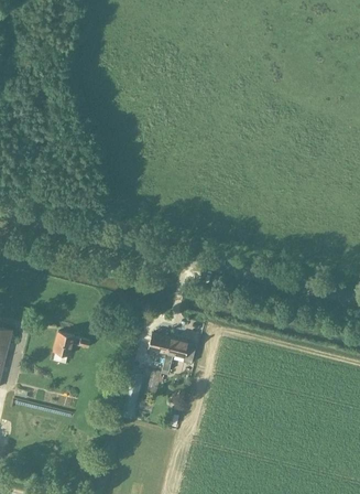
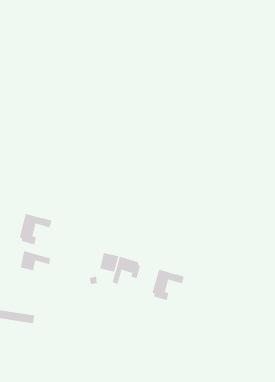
building: none -> [19,213,52,245]
building: none -> [152,269,185,301]

